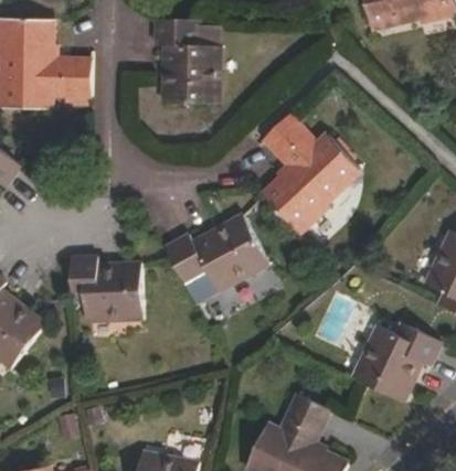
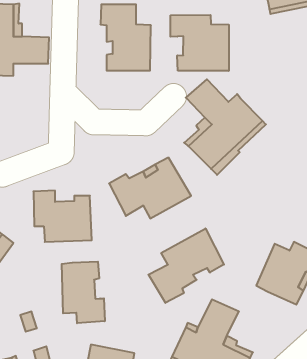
building: none -> [170,15,229,71]
building: none -> [148,228,224,303]
building: none -> [62,262,105,323]

